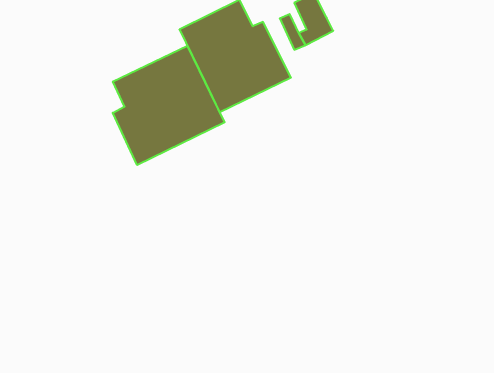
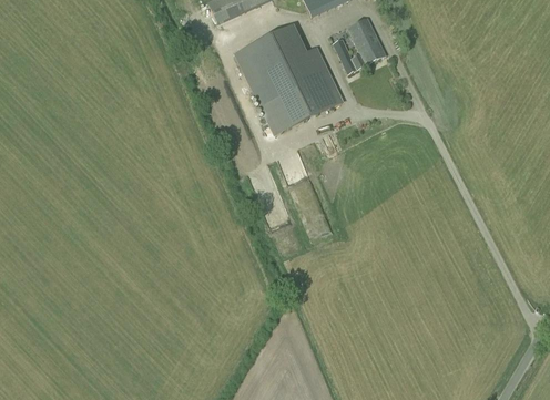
building: [113,46,225,165] -> none

